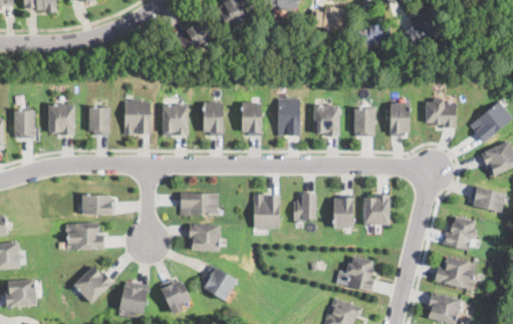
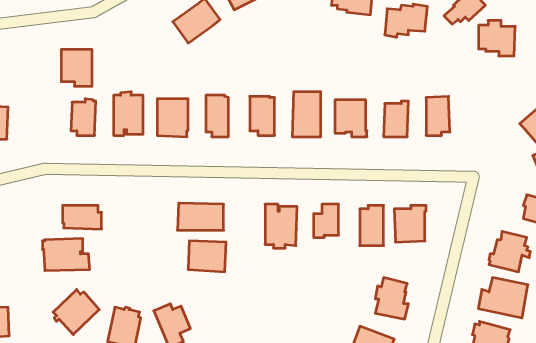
building: [425,98,456,128] -> [479,20,515,56]
building: [48,104,74,135] -> [61,50,92,86]
building: [200,266,236,300] -> none

